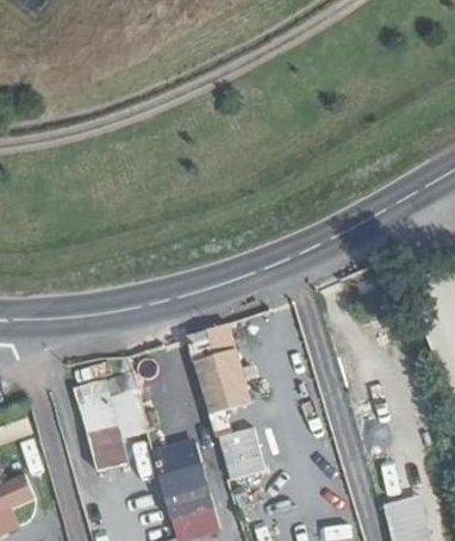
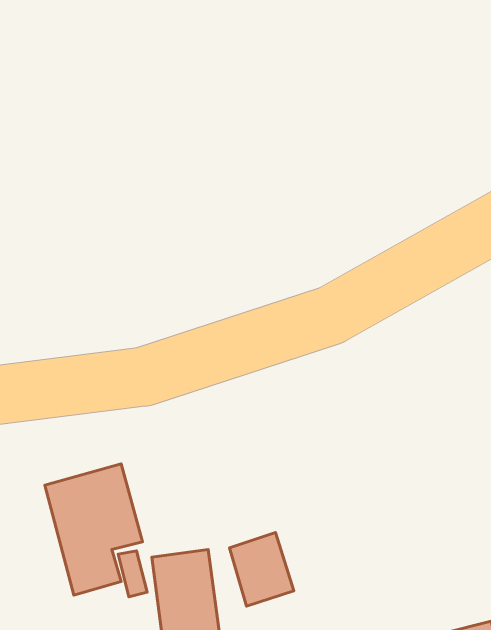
building: [186,324,253,417] -> none

